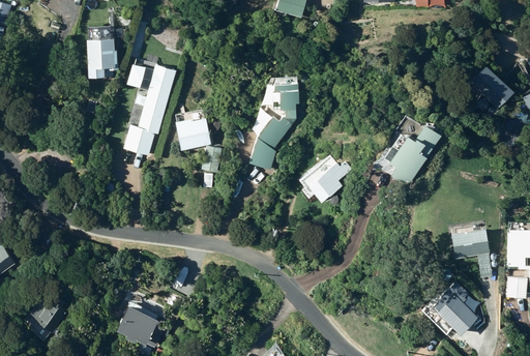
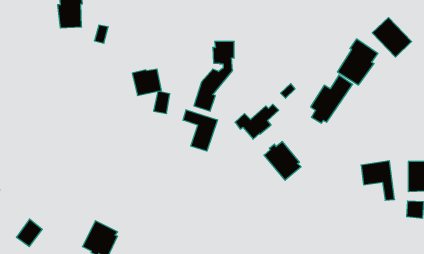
building: [125,63,176,155] -> none
building: none -> [338,39,378,85]
building: none -> [183,110,217,151]
building: none -> [264,141,301,180]
building: [430,276,475,329] -> none

